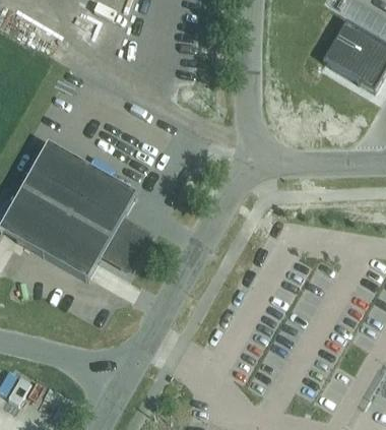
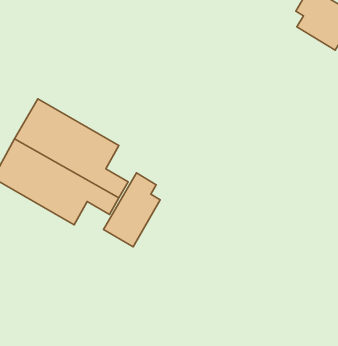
building: none -> [103,173,160,247]

